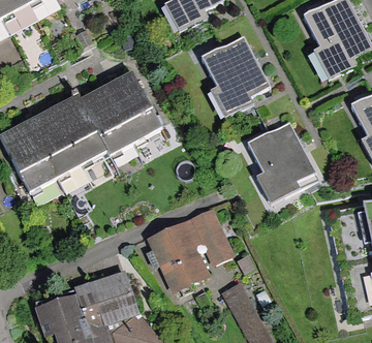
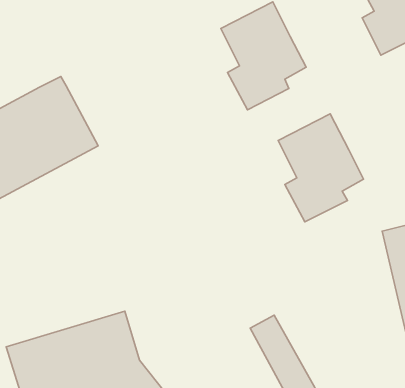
building: [82,75,158,154] -> none
building: [145,209,231,294] -> none

